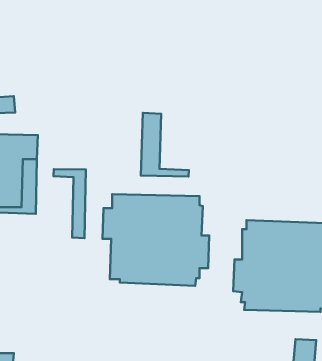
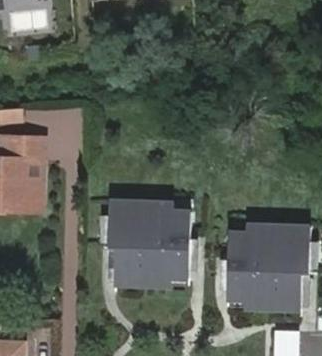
building: [141,113,189,177] -> none
building: [54,169,86,238] -> none

